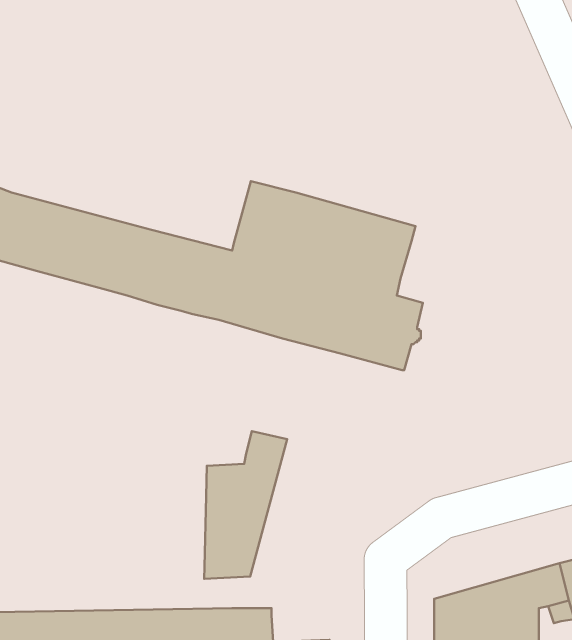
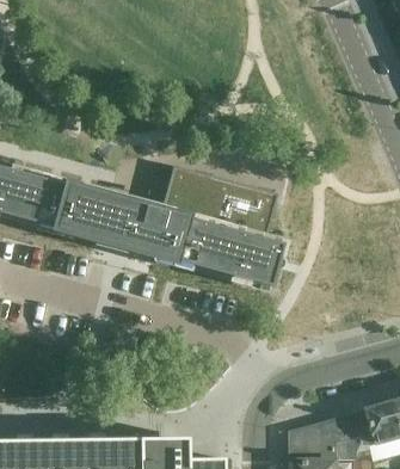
building: [204,431,287,579] -> none

